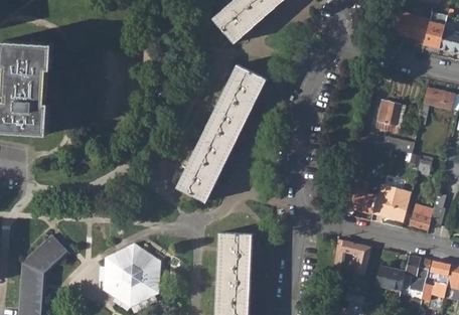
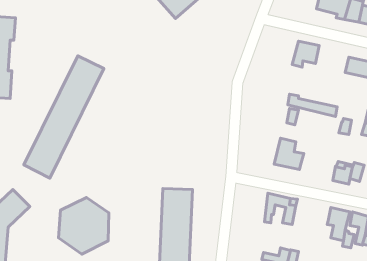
building: [176,65,266,202] -> [24,56,104,178]
building: [374,100,405,129] -> [292,41,319,67]
building: [373,182,412,219] -> none
building: [374,264,405,290] -> none

